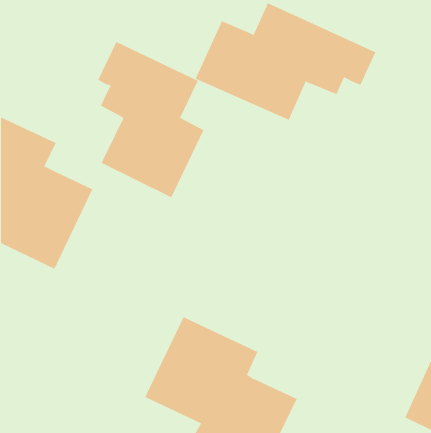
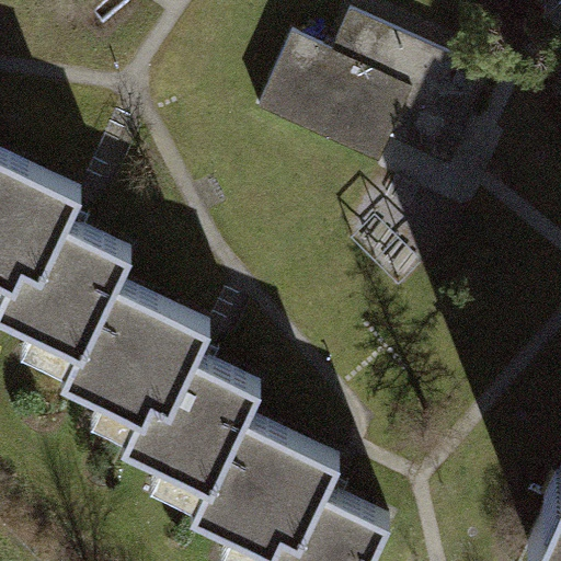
building: [97,41,204,198] -> none
building: none -> [64,277,256,484]

